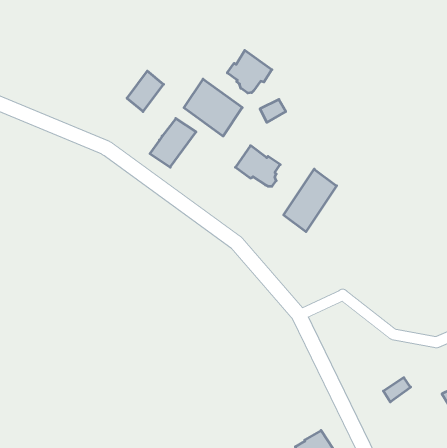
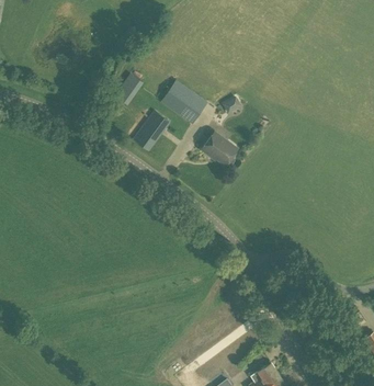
building: [227,50,272,93] -> none
building: [284,169,337,232] -> none

